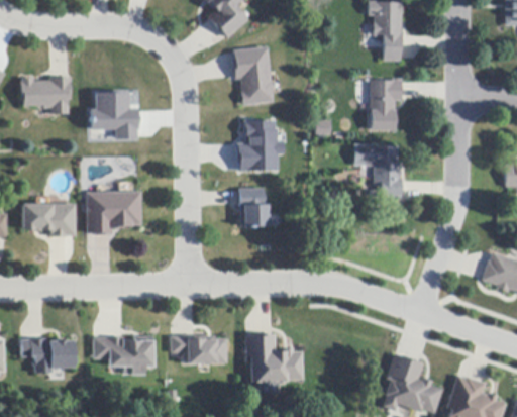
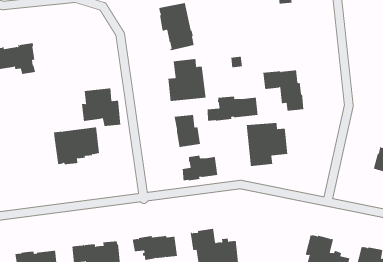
building: [371,79,403,130] -> none
building: [89,90,136,137] -> [81,88,121,127]
building: none -> [207,96,258,121]
building: [21,204,75,237] -> none
building: none -> [246,122,288,167]
building: none -> [182,155,218,181]

